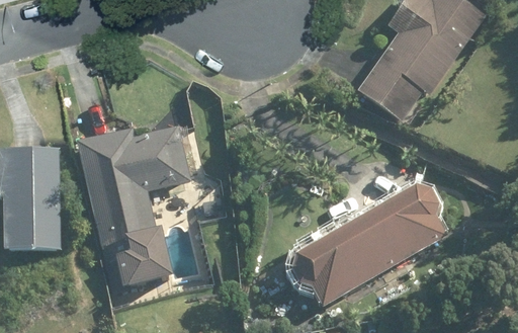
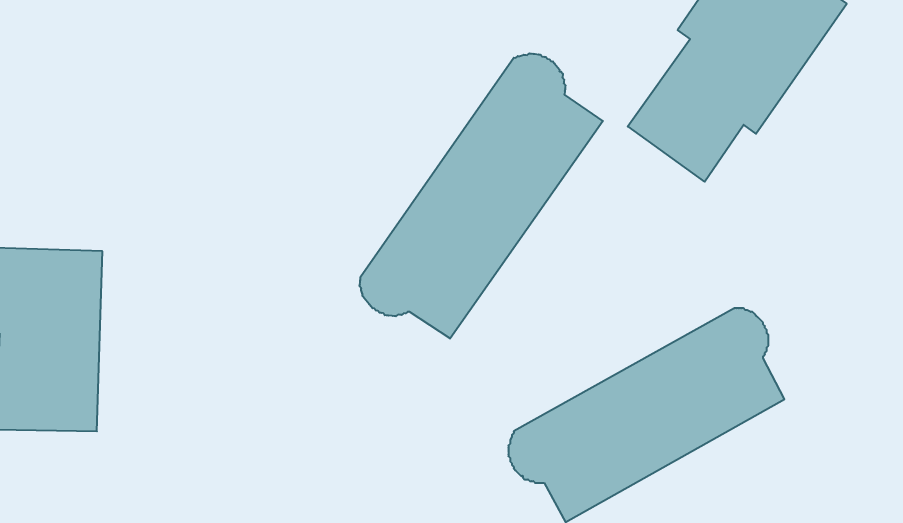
building: none -> [360,53,603,339]
building: [77,126,193,294] -> none

